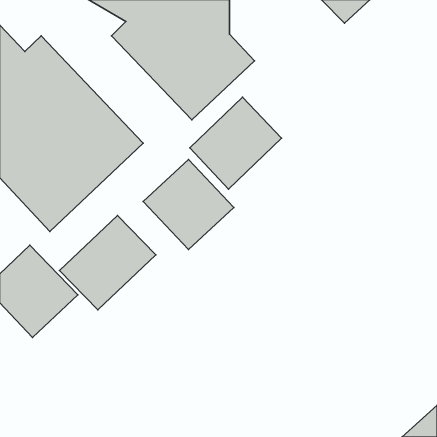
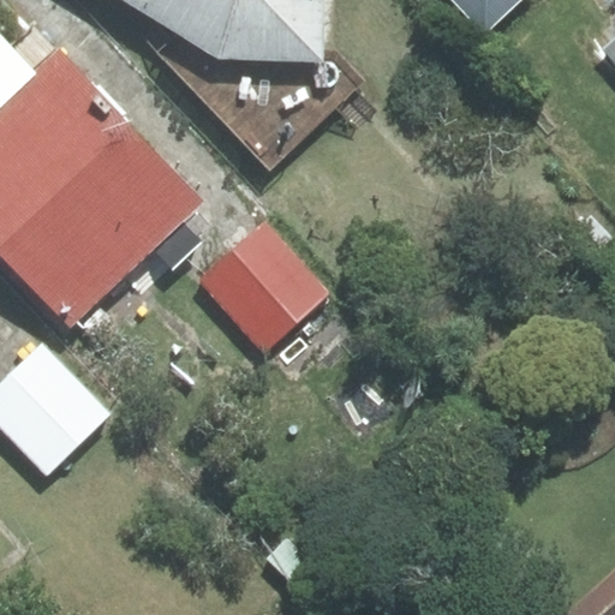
building: [190,97,281,189] -> none
building: [59,216,156,310] -> none

